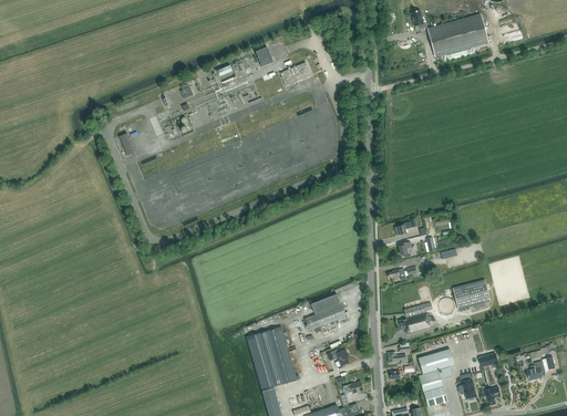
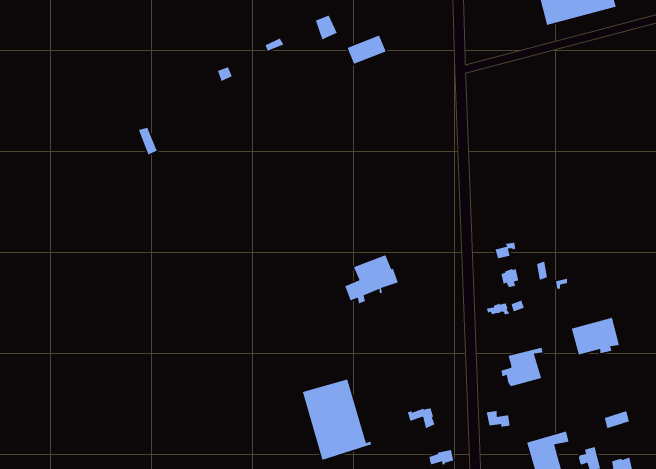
building: [305,293,347,332] -> [344,254,399,304]
building: [419,349,454,373] -> none

